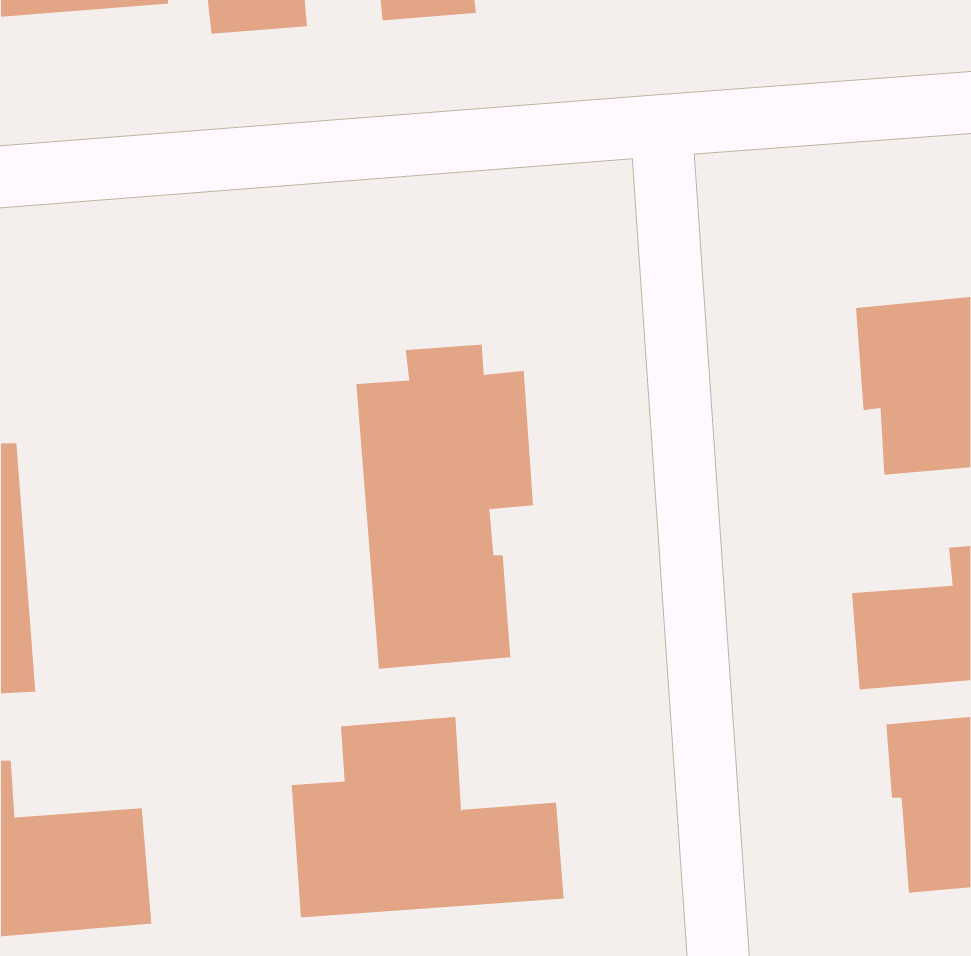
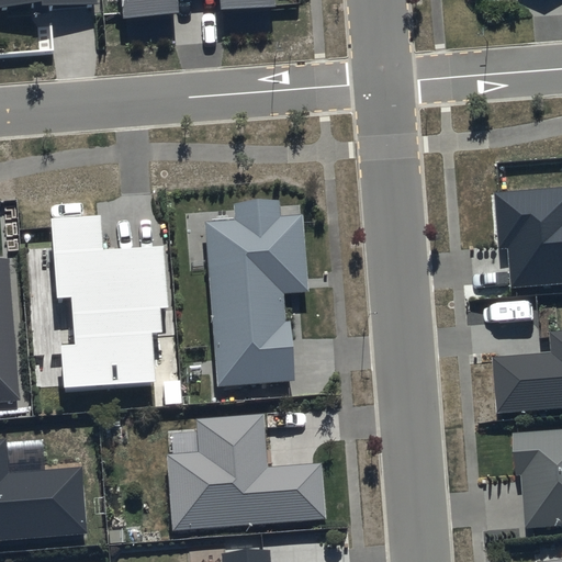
building: none -> [50,217,169,393]

